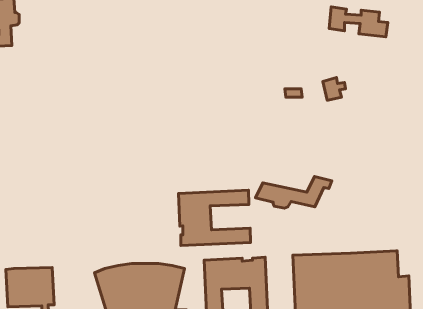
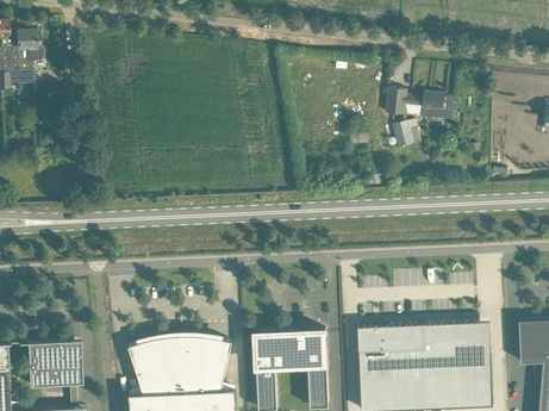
building: [329,7,388,37] -> [386,88,454,123]
building: [256,177,332,208] -> none
building: [179,190,250,246] -> none

